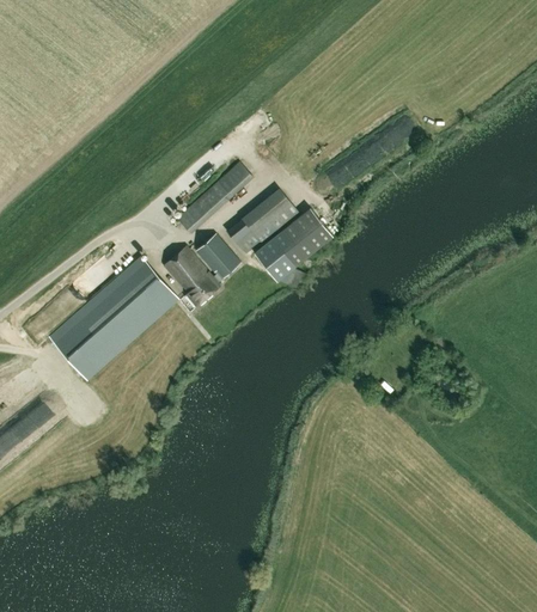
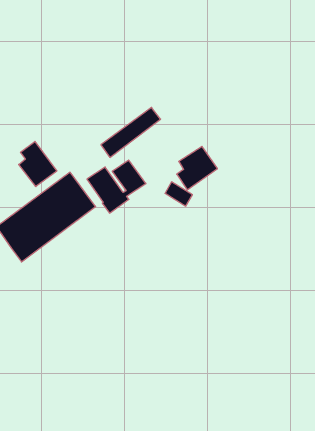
building: [226,188,299,253] -> none
building: none -> [19,141,57,187]

